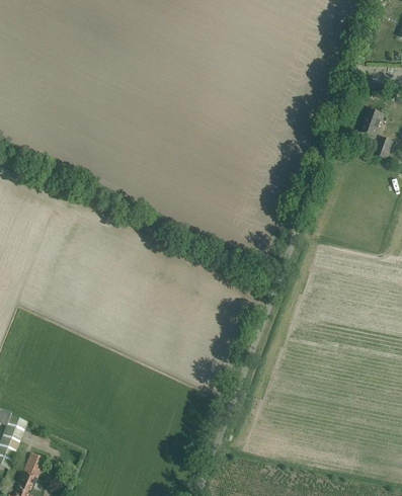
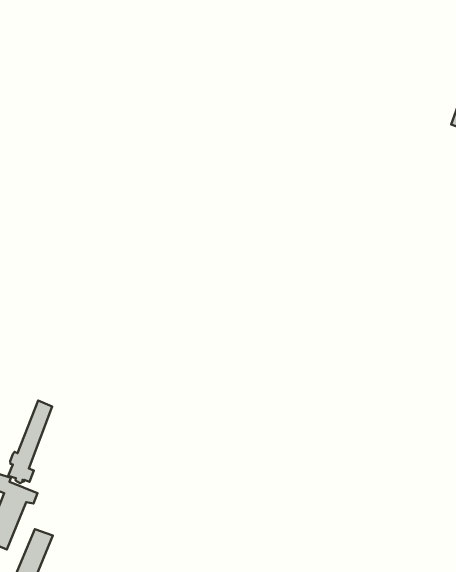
building: none -> [8,400,52,483]

